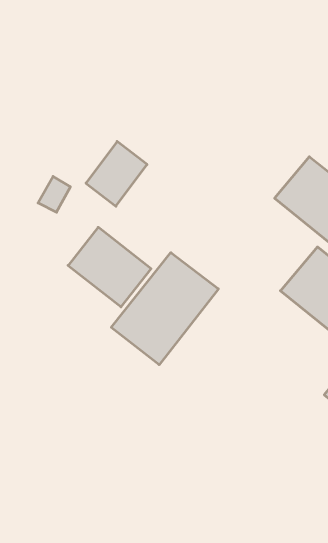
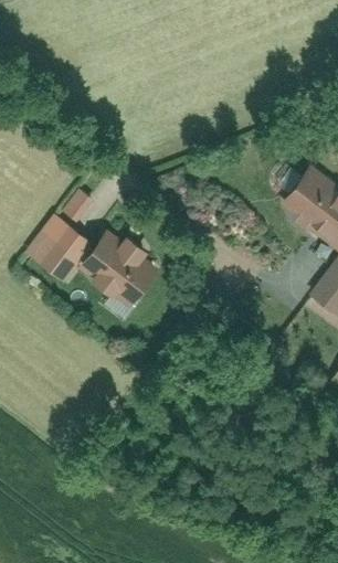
building: [86,141,147,206] -> [36,220,95,282]
building: [111,253,218,365] -> none

